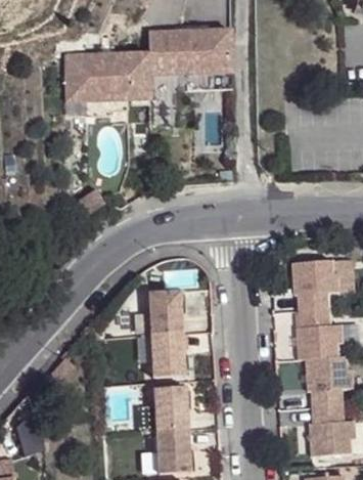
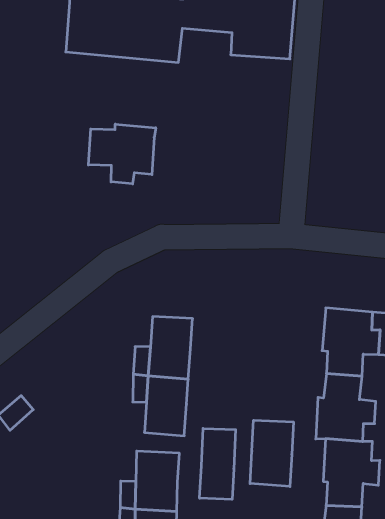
building: none -> [88,124,156,184]
building: none -> [250,420,293,487]
building: none -> [200,428,236,499]

